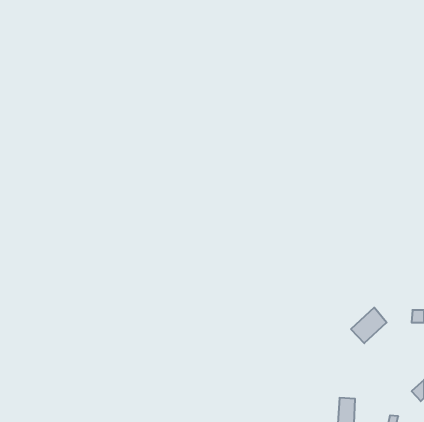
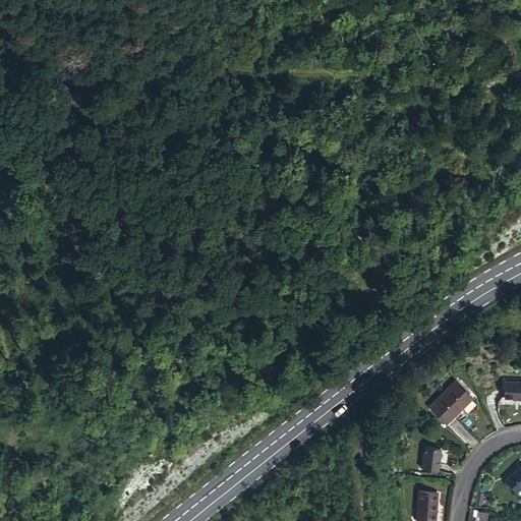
building: none -> [420,450,441,475]

